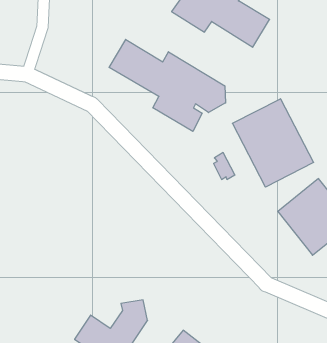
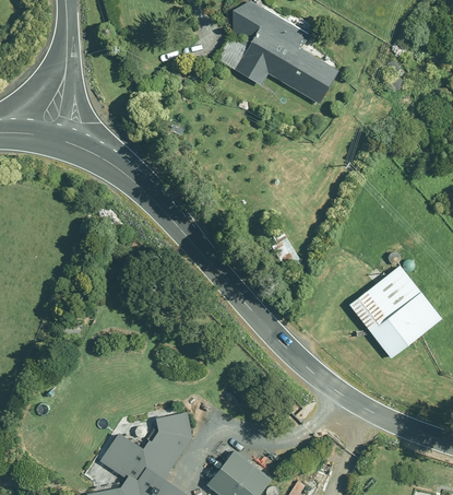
building: [109,39,226,131] -> none
building: [232,99,314,187] -> none

